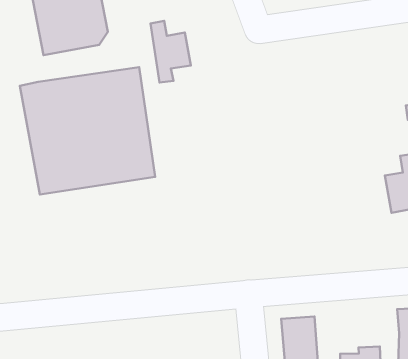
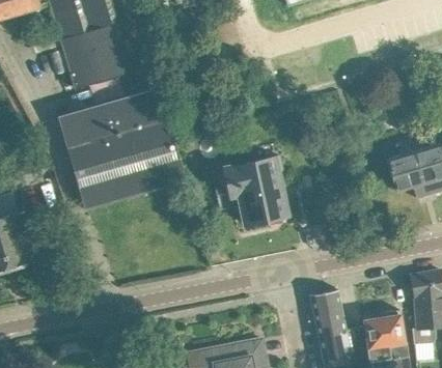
building: [151,21,191,82] -> none
building: none -> [216,146,287,224]

